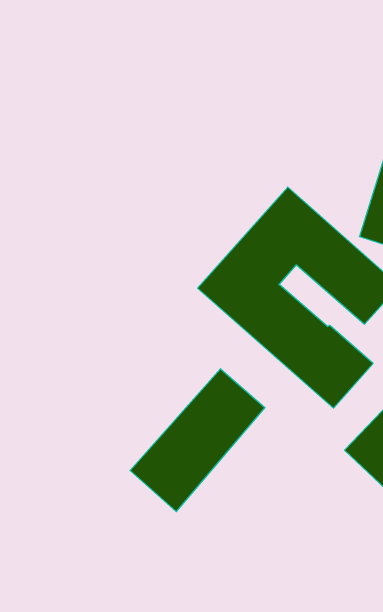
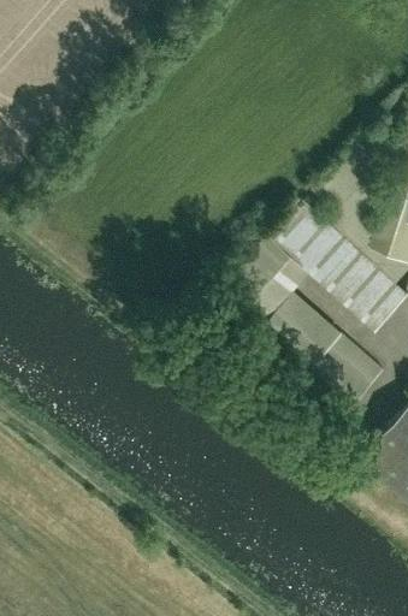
building: [130,369,265,512] -> none

